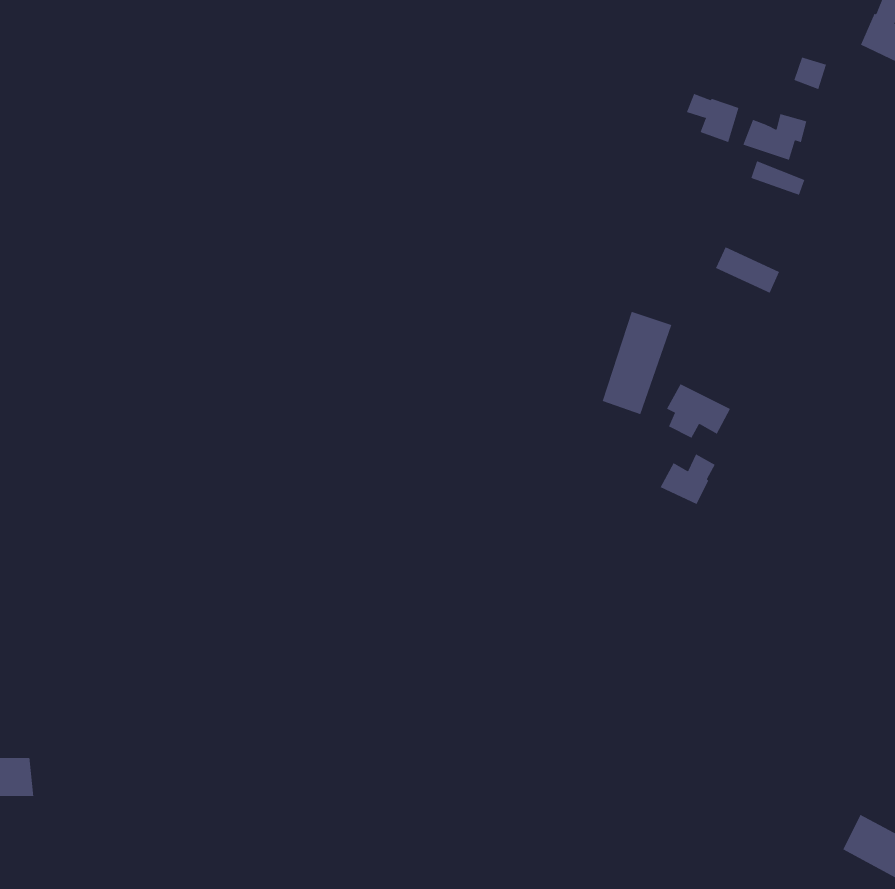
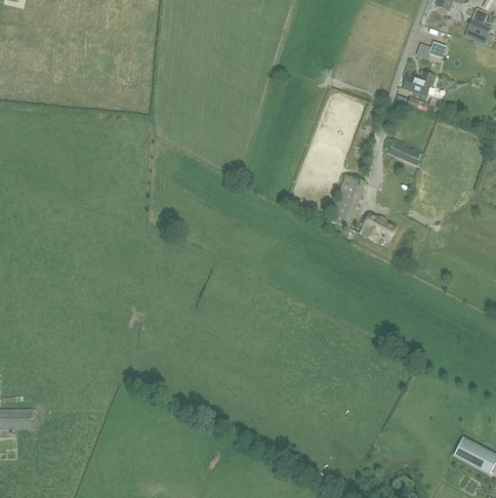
building: [686,93,739,143] -> none
building: [660,453,716,505] -> none

